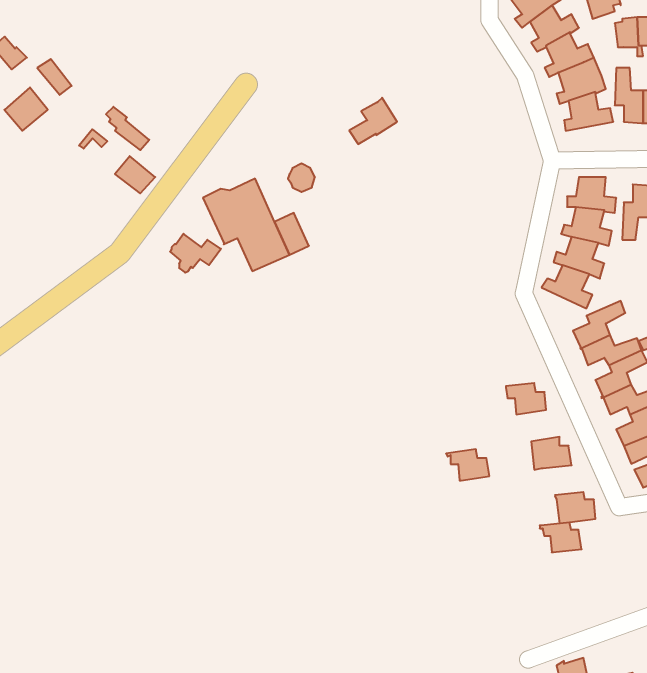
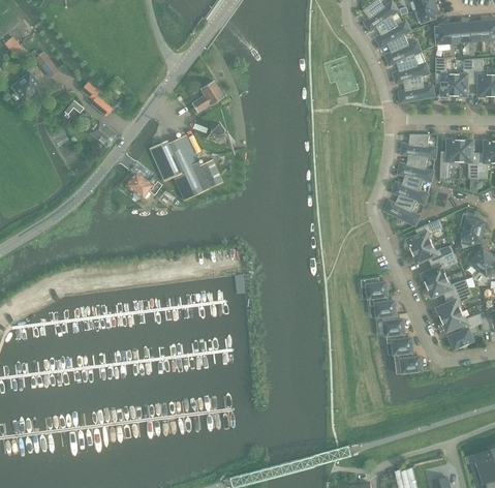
building: [349,98,397,144] -> [191,80,224,112]
building: [446,449,489,481] -> [367,295,397,316]
building: [540,522,582,552] -> [384,333,413,354]

